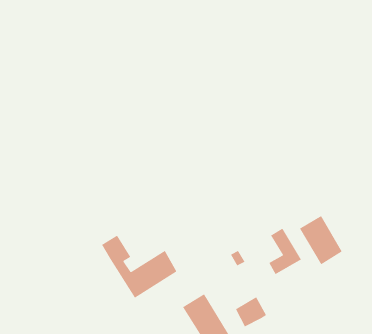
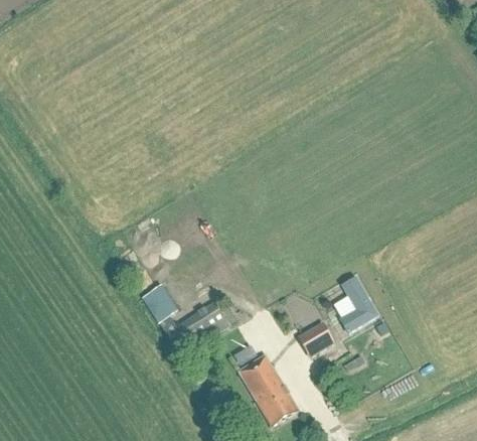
building: [299,215,342,265] -> none
building: [235,296,267,327] -> [297,318,334,354]

